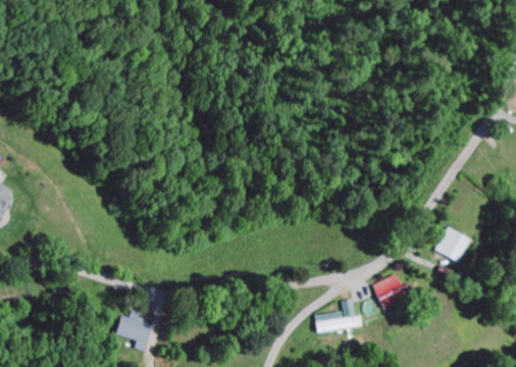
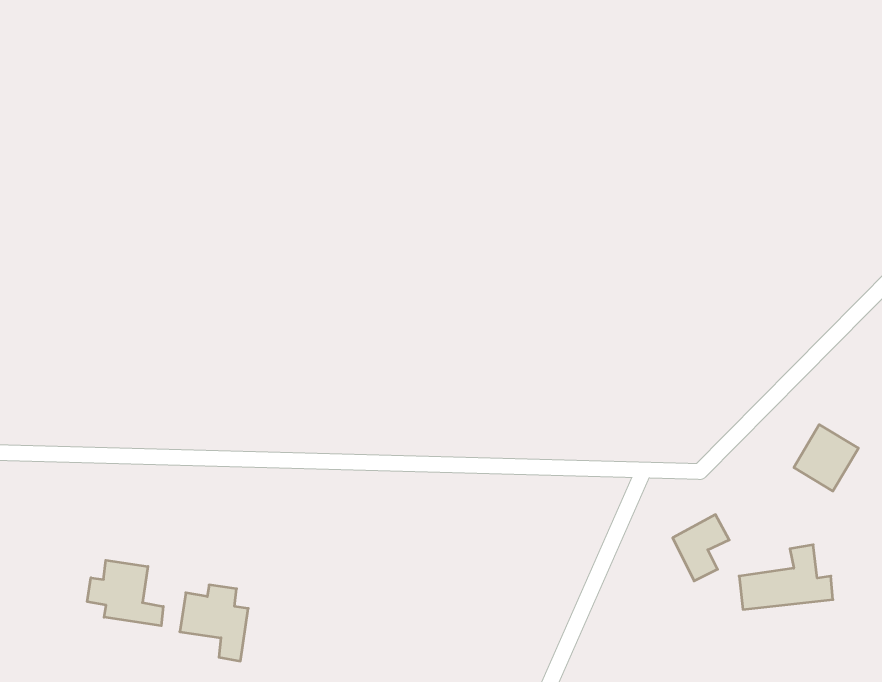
building: none -> [87,560,163,626]
building: [315,299,364,332] -> [739,545,833,609]

